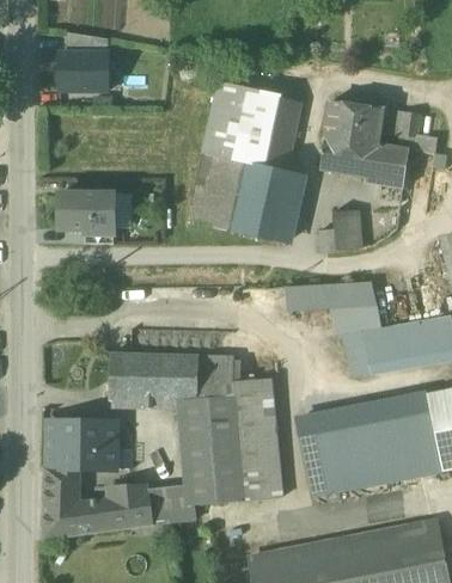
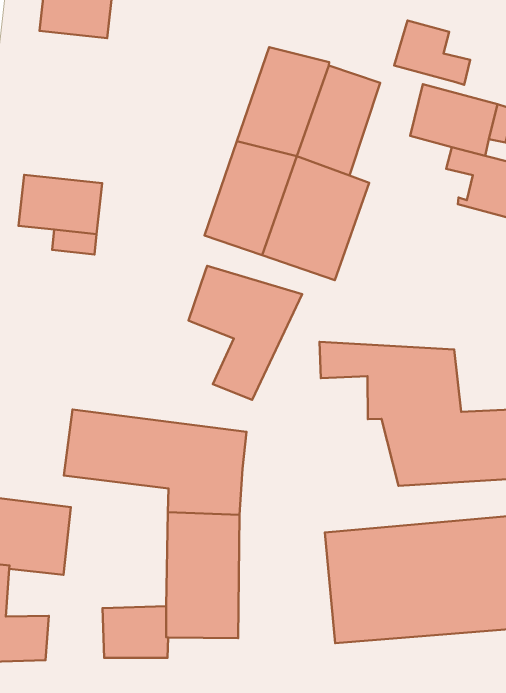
building: [320,136,373,177] -> [394,21,470,85]
building: [319,209,360,253] -> none
building: none -> [188,266,302,400]
building: [234,378,282,499] -> none
building: [109,485,152,529] -> none

